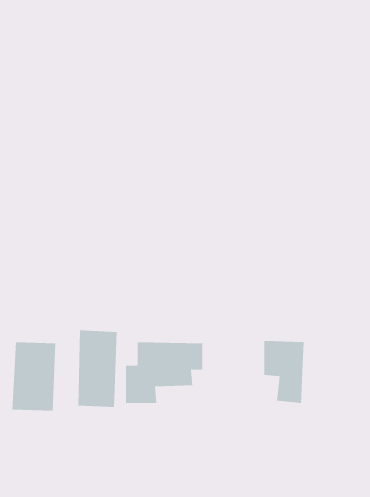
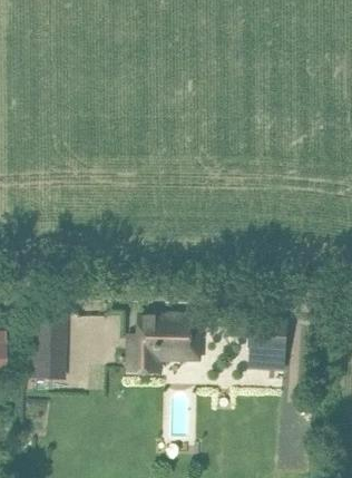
building: [78,330,117,408] -> none

